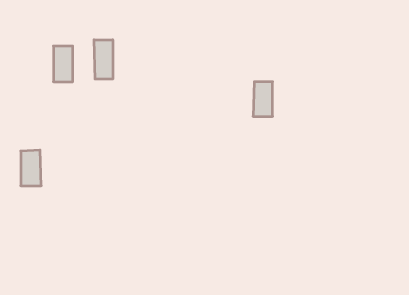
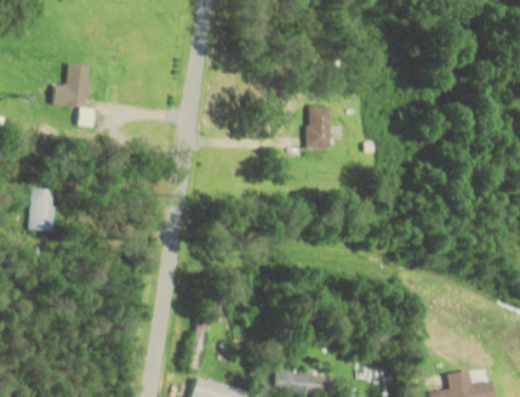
building: [94,40,113,79] -> none

